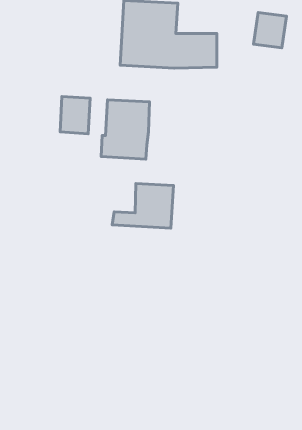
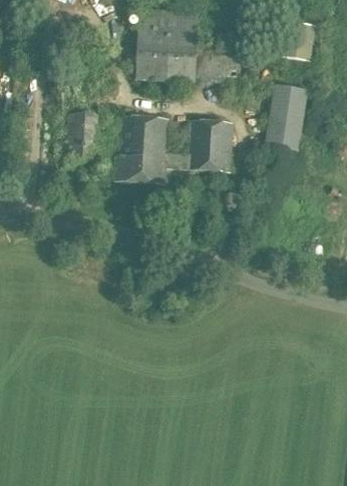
building: none -> [266,83,308,150]
building: [112,184,173,228] -> [163,121,231,170]

